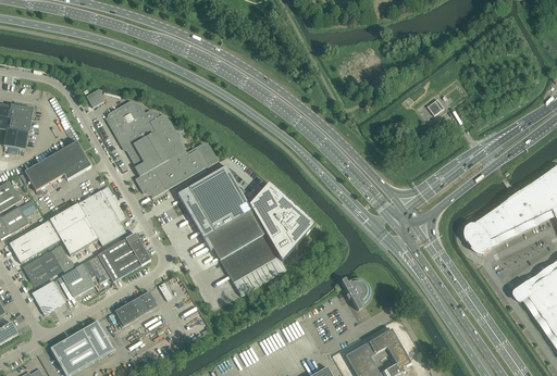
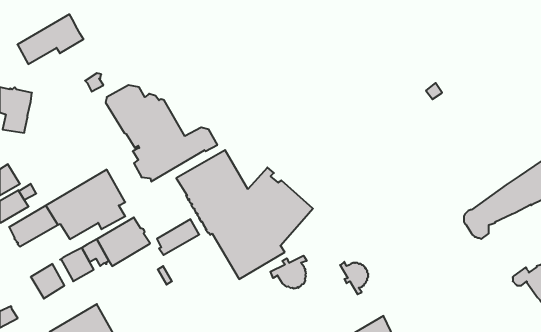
building: [25,140,91,190] -> [17,14,84,64]
building: [23,245,74,286] -> none
building: none -> [270,256,307,289]
building: [115,290,158,326] -> [157,219,199,255]

